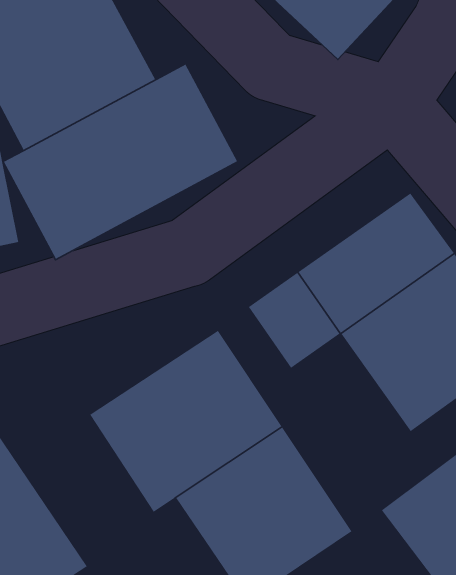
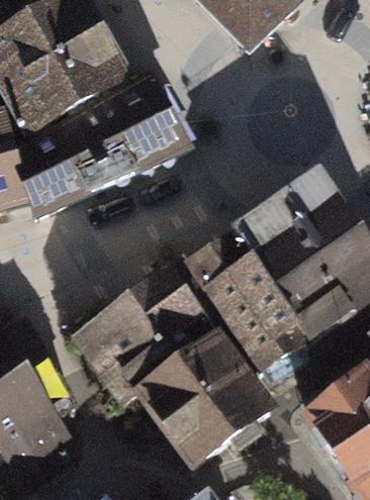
building: none -> [230,278,320,378]

